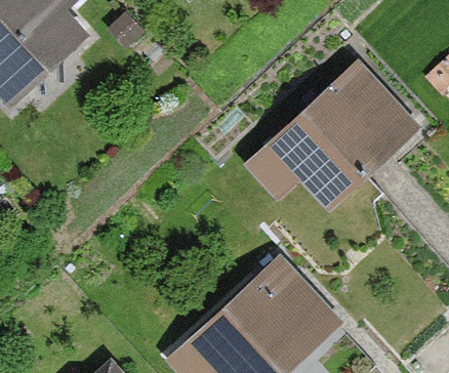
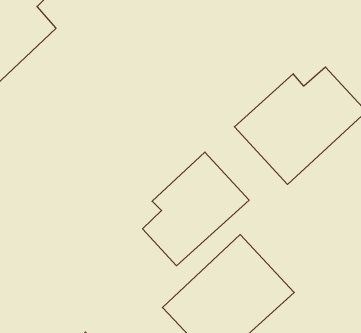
building: none -> [143,152,249,266]

